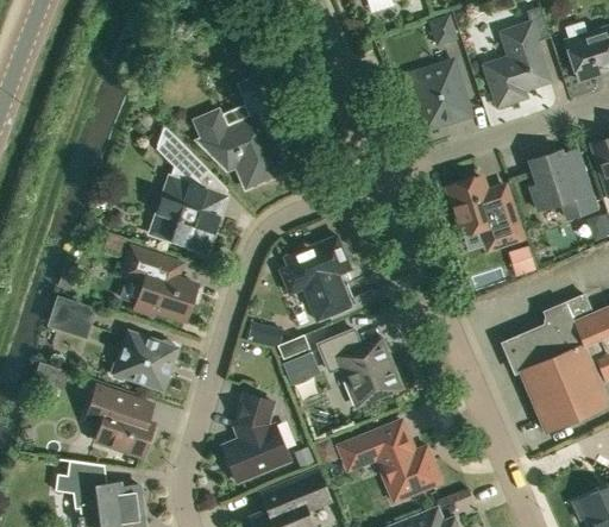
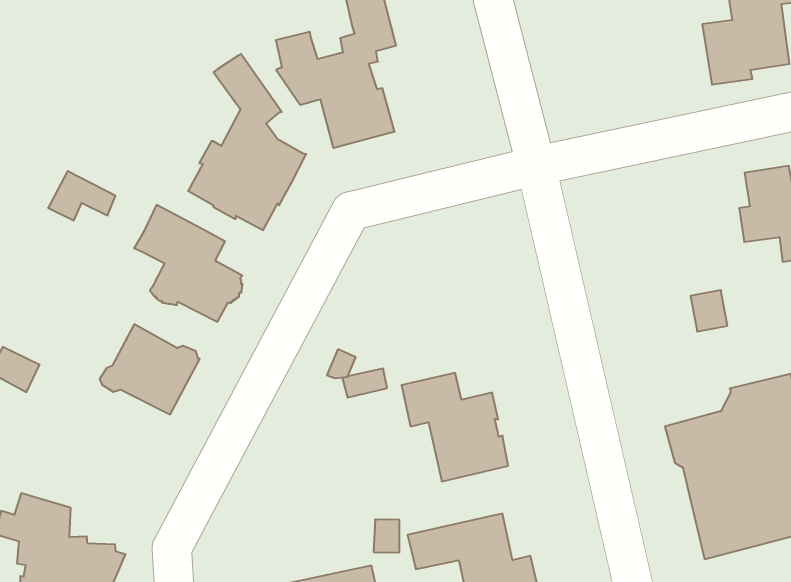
building: [407,61,471,128] -> none
building: [450,175,522,246] -> none
building: [284,236,351,320] -> none
building: [49,297,94,331] -> [48,171,116,221]
building: [283,352,320,384] -> none
building: [88,385,157,457] -> none
building: [222,394,289,482] -> none

